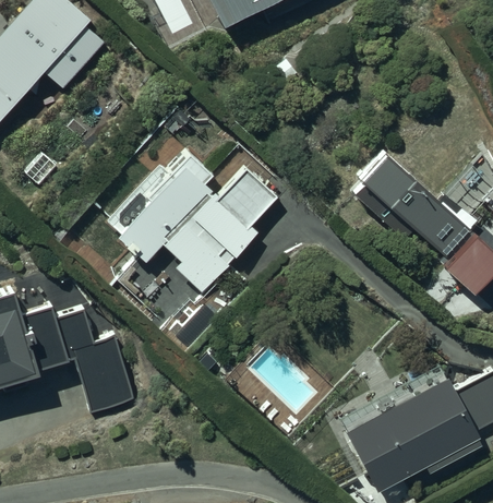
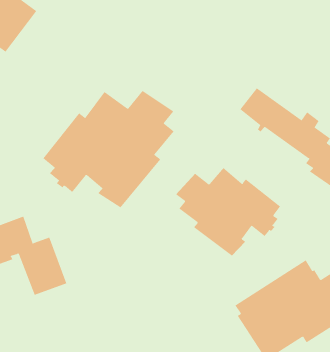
building: none -> [175,167,281,257]

